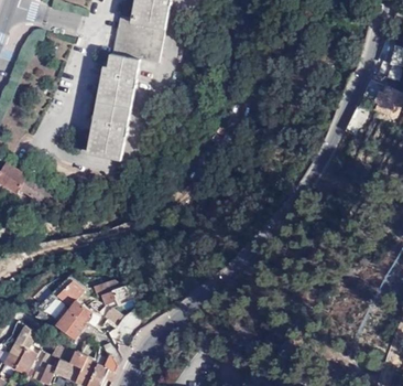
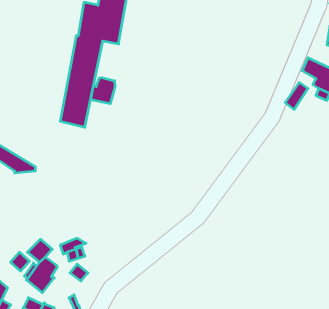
building: none -> [91,78,115,104]

